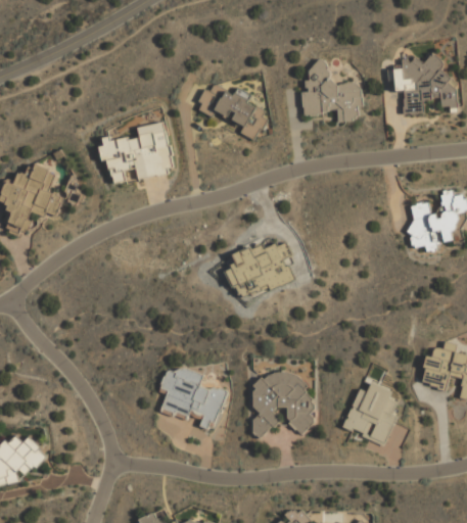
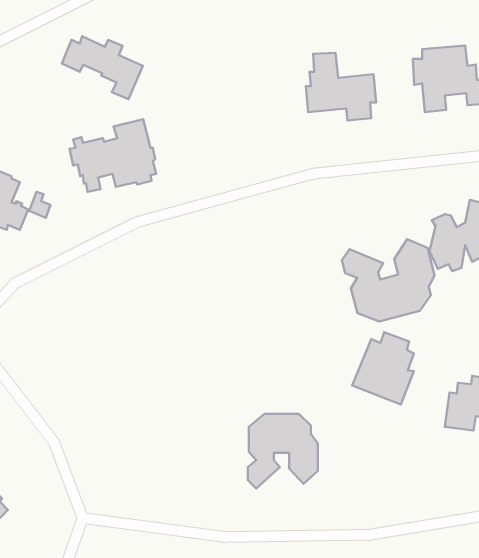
building: [196,86,266,140] -> [62,36,143,99]
building: none -> [342,239,435,322]
building: [159,365,224,430] -> none
building: [342,382,395,444] -> [352,332,414,404]

